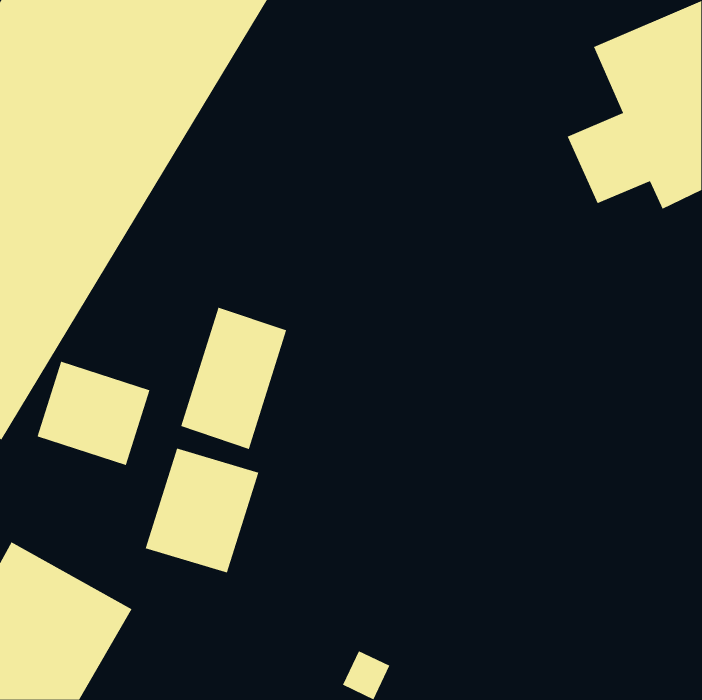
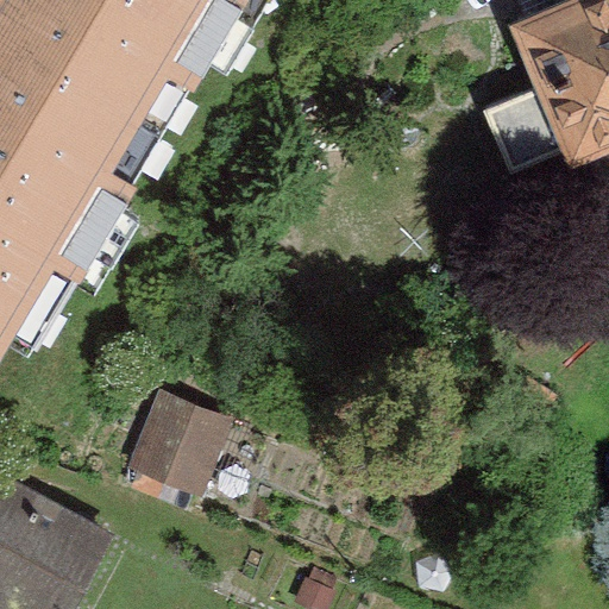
building: [180,307,287,450] -> none
building: [37,361,150,466] -> none

